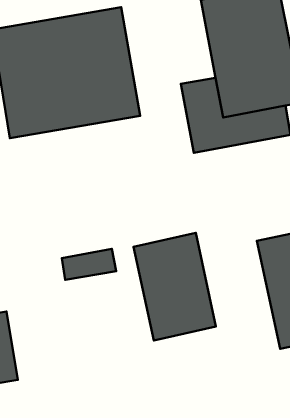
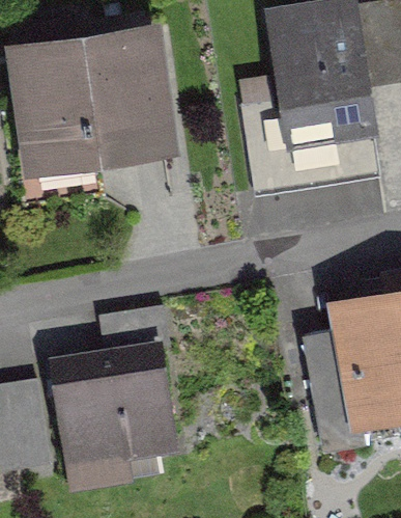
building: [134,233,216,340] -> none
building: none -> [47,342,175,471]

